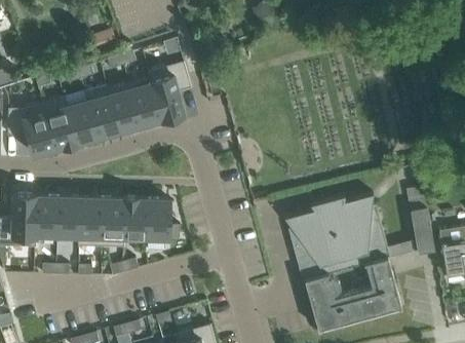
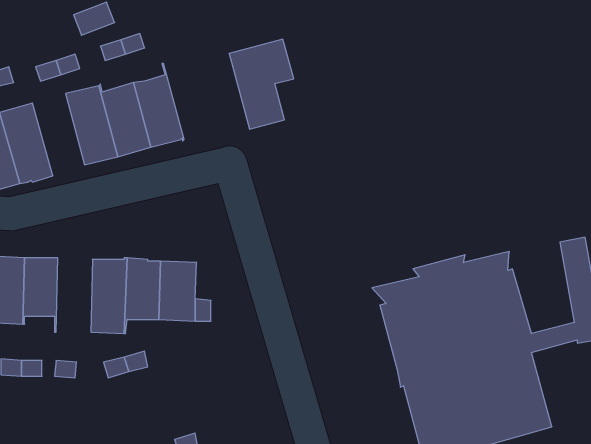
building: [149,63,191,121] -> [229,39,294,129]
building: [64,91,98,145] -> none
building: [79,198,103,246] -> none

